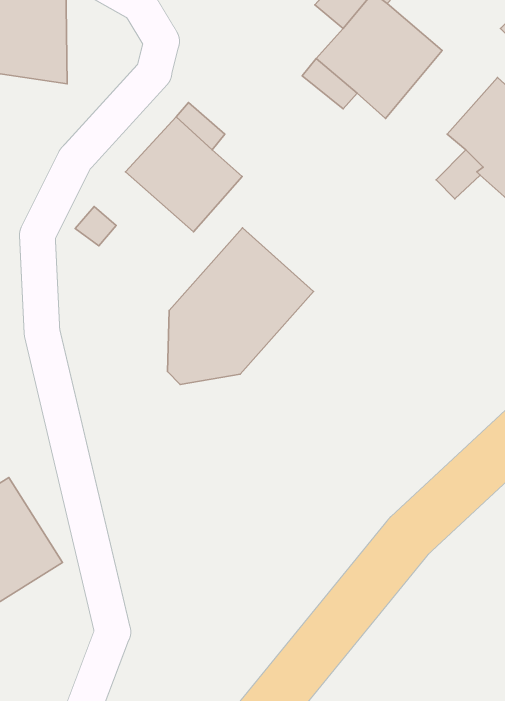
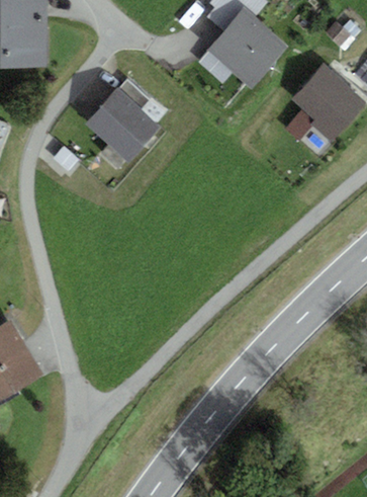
building: [167,228,313,384] -> none

